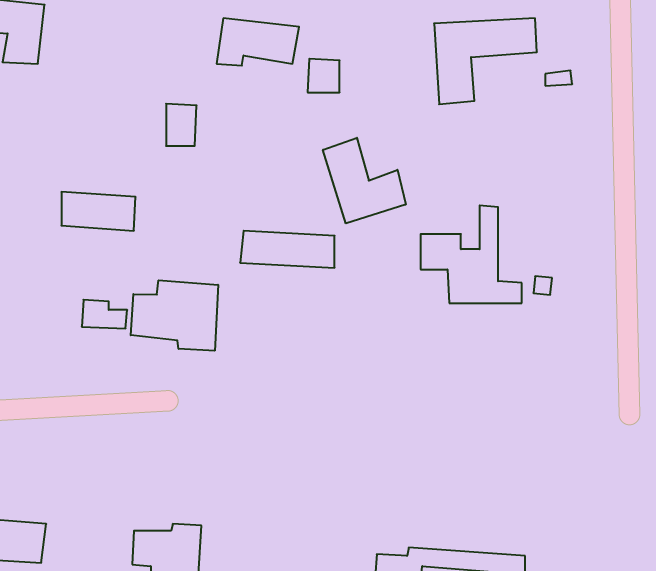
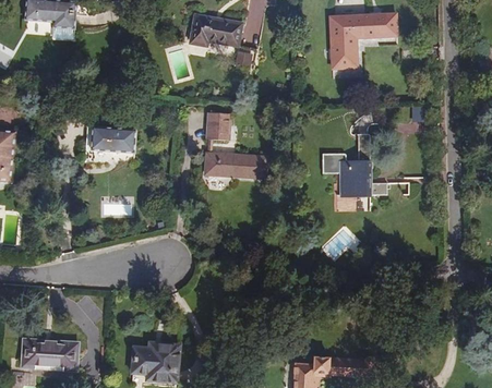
building: [166,104,197,146] -> [206,109,226,136]
building: [323,138,406,223] -> none
building: [131,280,218,351] -> none

